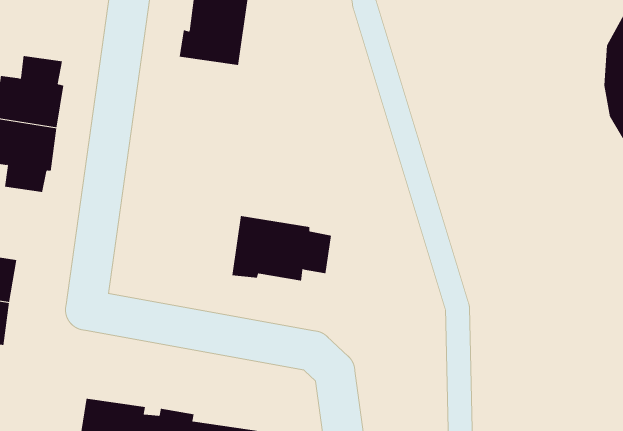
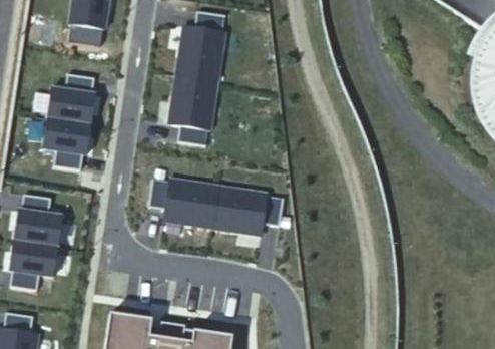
building: none -> [173,75,218,146]
building: none -> [149,180,219,229]

